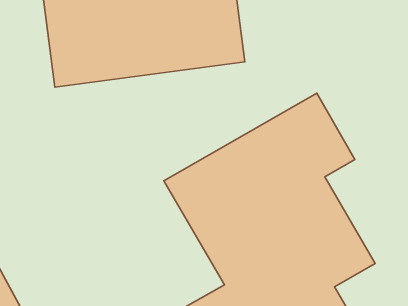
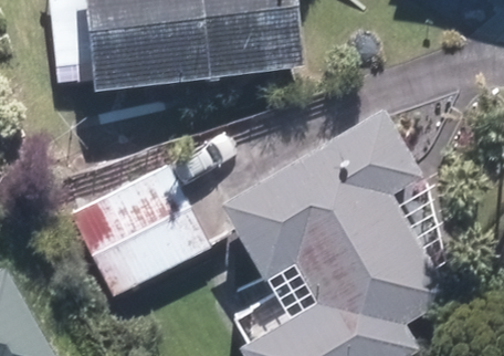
building: none -> [72,163,216,300]

